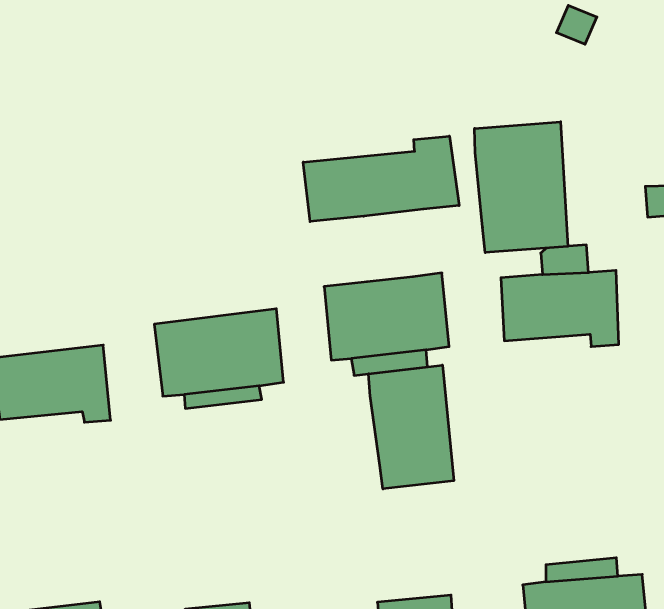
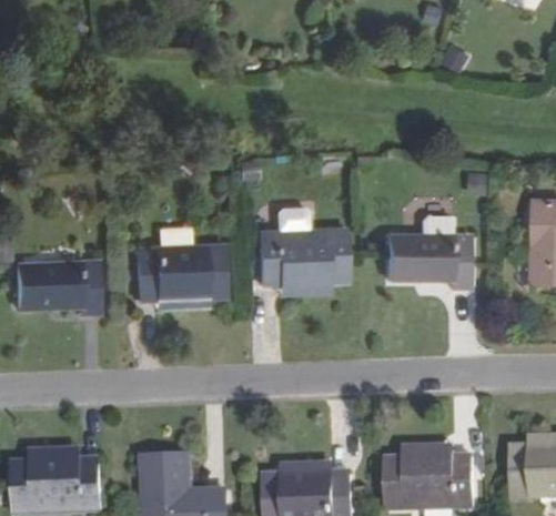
building: [475,122,568,253] -> none
building: [303,136,459,222] -> none
building: [369,365,454,489] -> none

